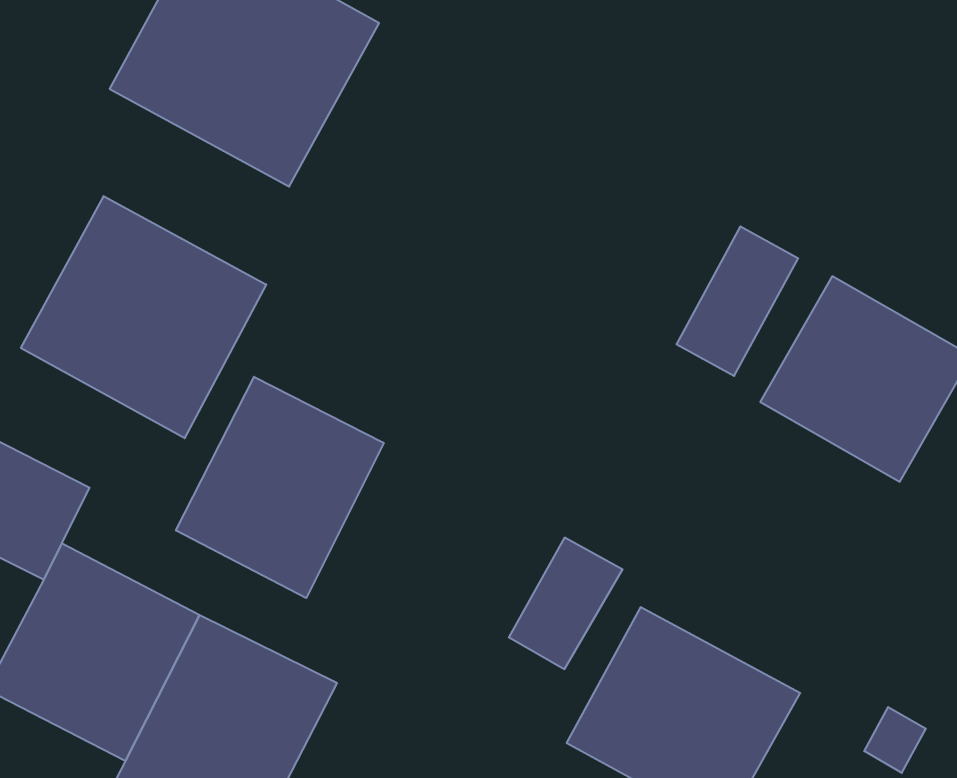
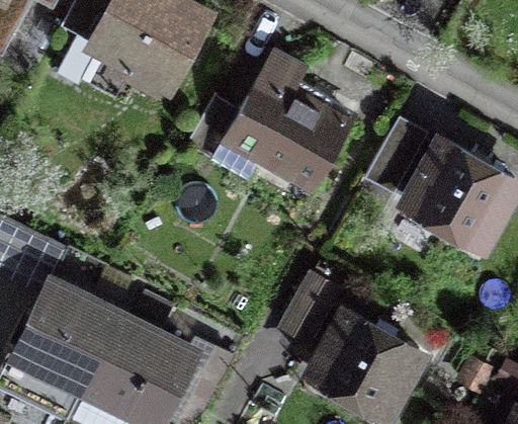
building: none -> [222,59,352,196]
building: [21,196,266,438] -> none
building: [176,377,384,598] -> none

